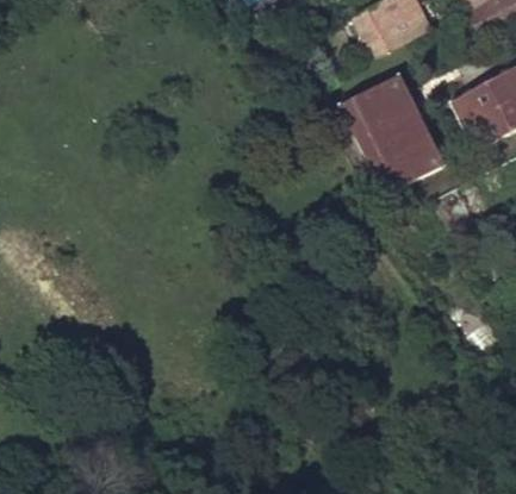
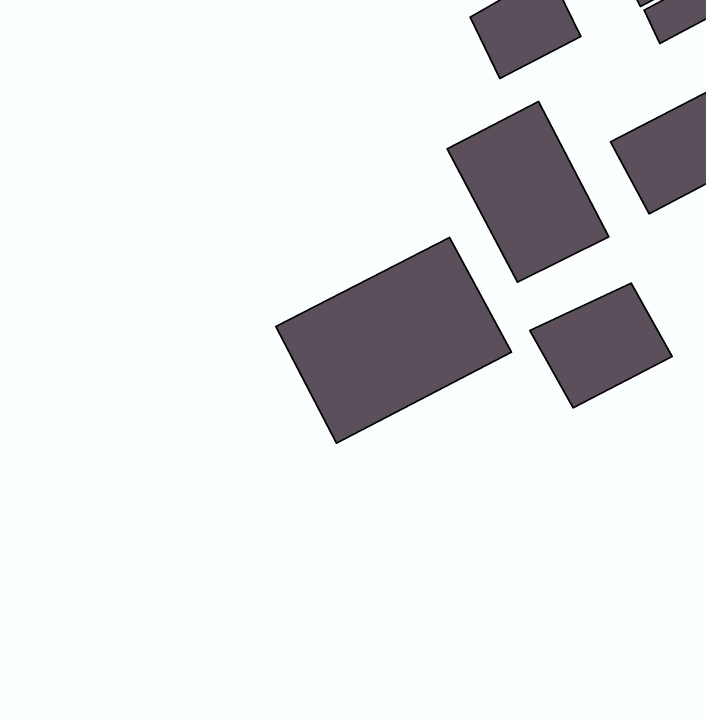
building: none -> [276,238,511,443]
building: none -> [530,283,672,408]

